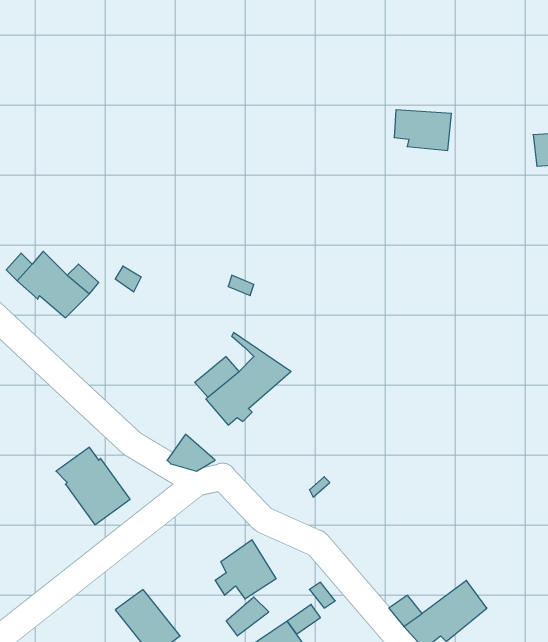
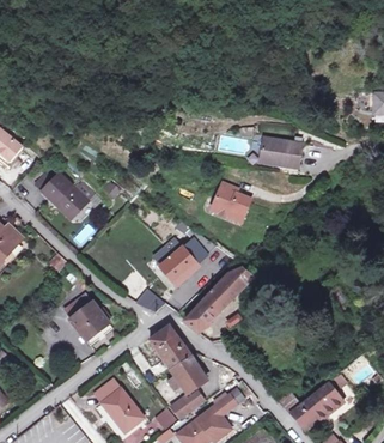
building: [394,110,451,150] -> [262,138,299,164]
building: none -> [209,184,250,219]
building: none -> [185,269,252,333]
building: none -> [150,326,191,371]

